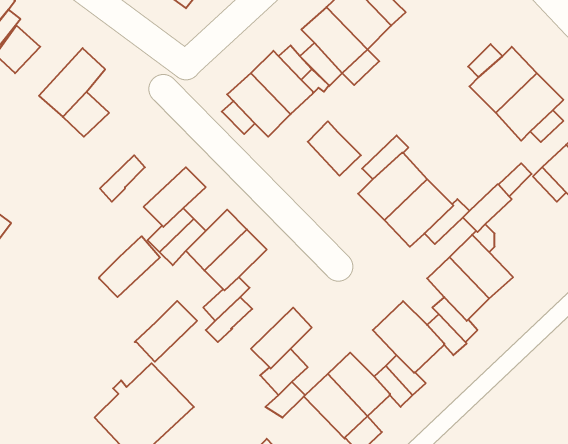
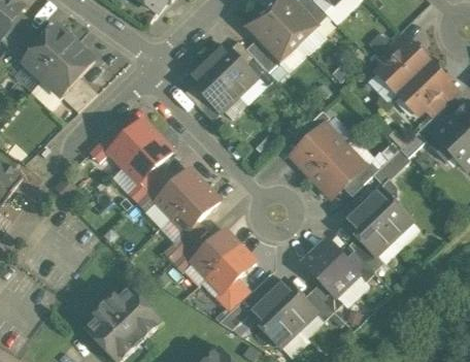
building: none -> [23,26,75,79]
building: [308,121,361,176] -> none
building: [99,236,160,297] -> [108,119,156,166]
building: [135,301,197,362] -> [191,229,239,276]

